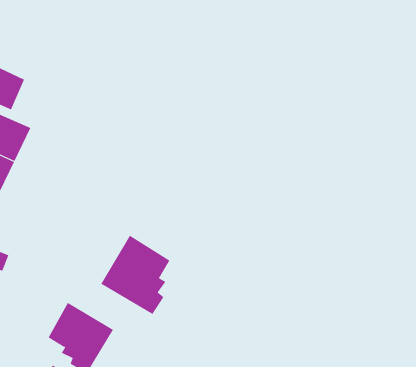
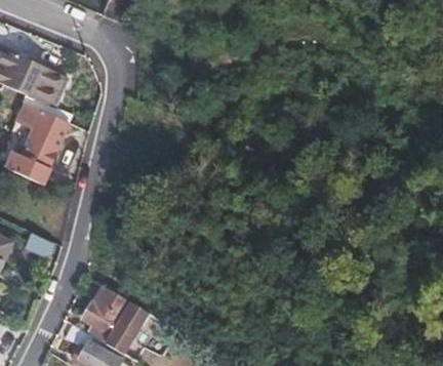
building: [100,235,170,315] -> none

